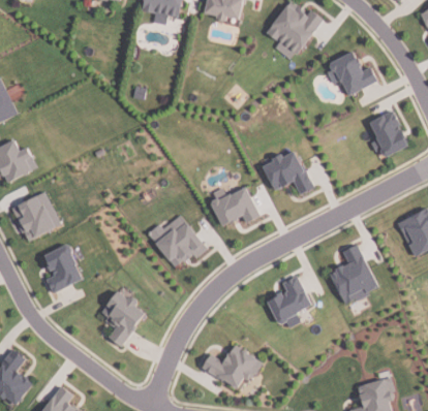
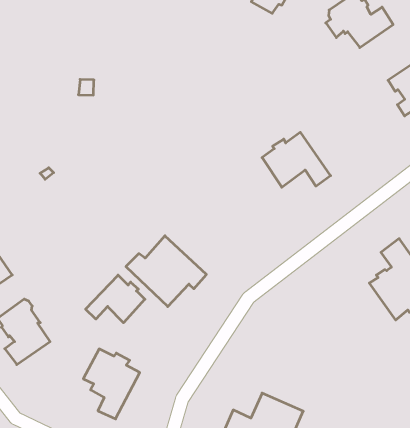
building: [211,187,259,225] -> none
building: none -> [86,275,145,323]
building: [268,273,312,327] -> none

